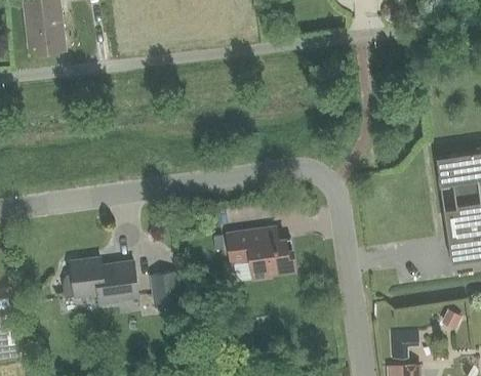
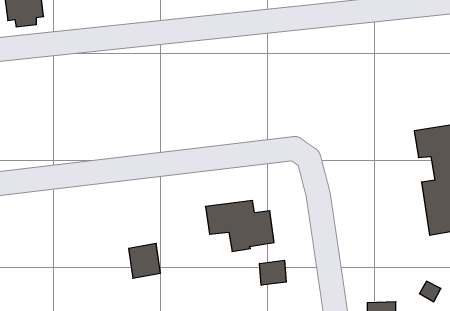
building: [63,258,138,306] -> none
building: none -> [260,260,286,285]

